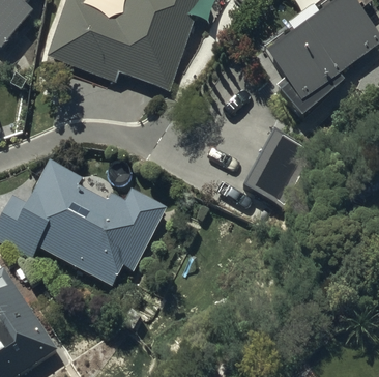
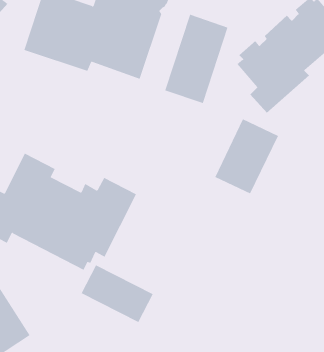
building: none -> [165,14,228,104]
building: none -> [81,265,153,323]

